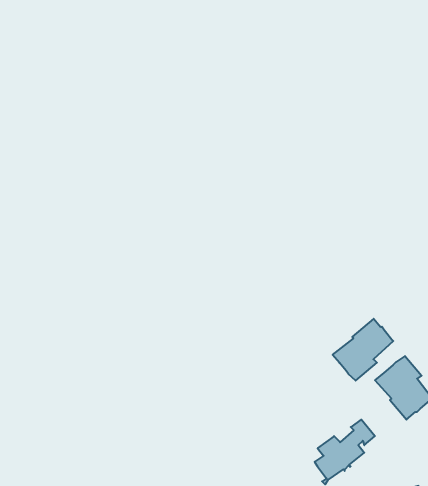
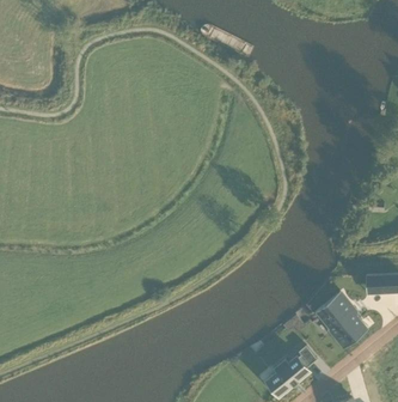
building: [333,319,393,381] -> none

